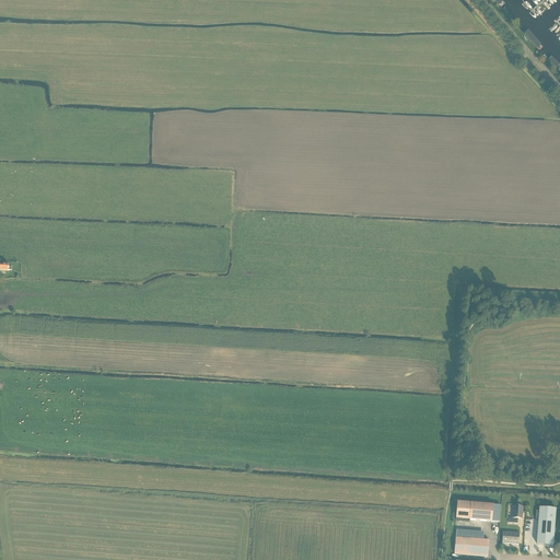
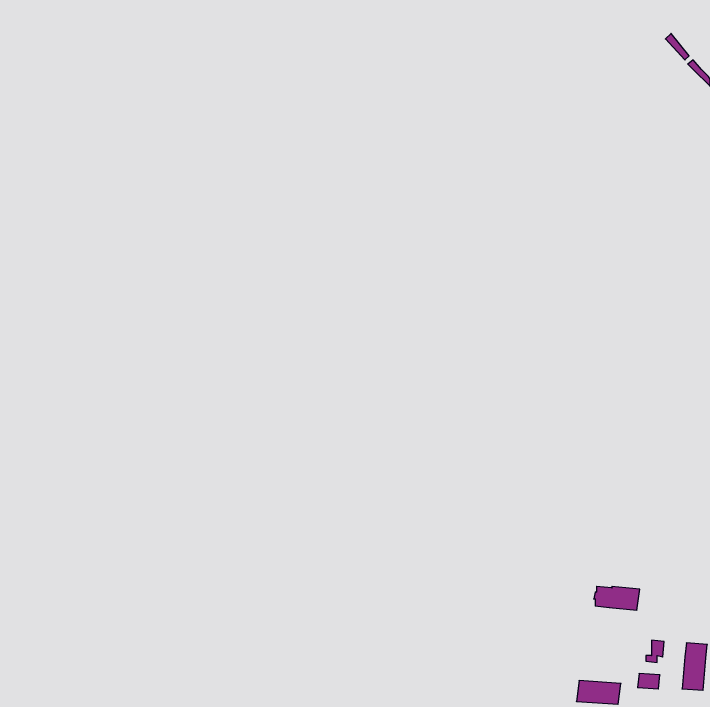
building: [456,500,492,518] -> [594,586,640,610]

